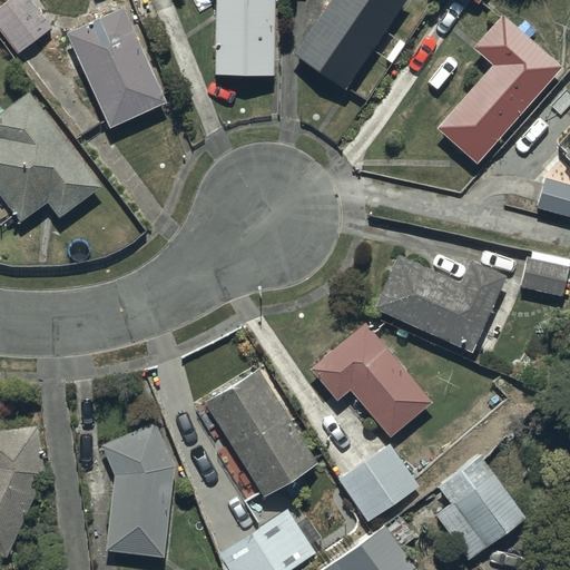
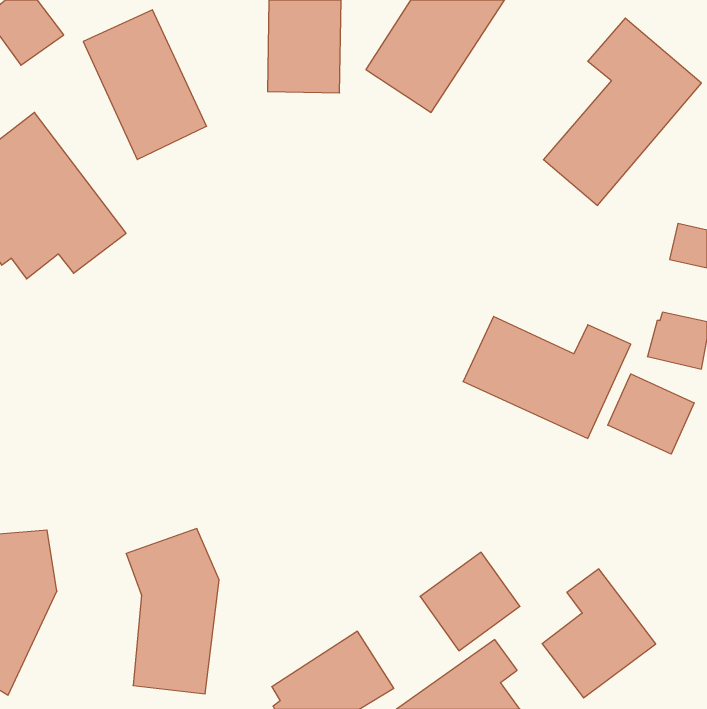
building: none -> [608,374,694,454]
building: [312,323,433,438] -> none
building: [206,371,317,499] -> none

